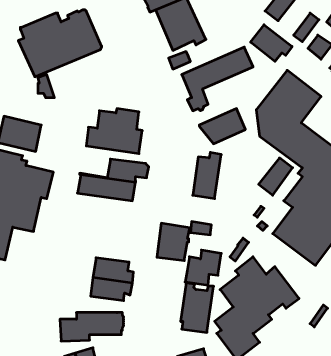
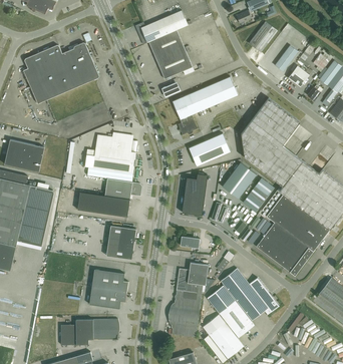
building: [251,25,292,61] -> none
building: none -> [223,163,257,200]
building: [157,223,190,261] -> [105,225,135,259]

